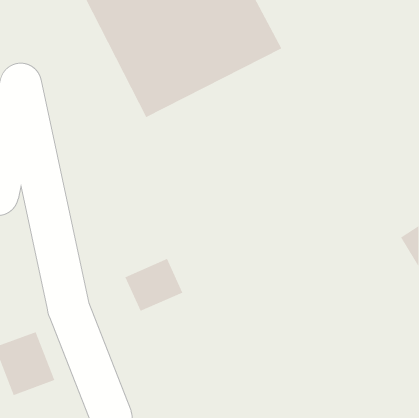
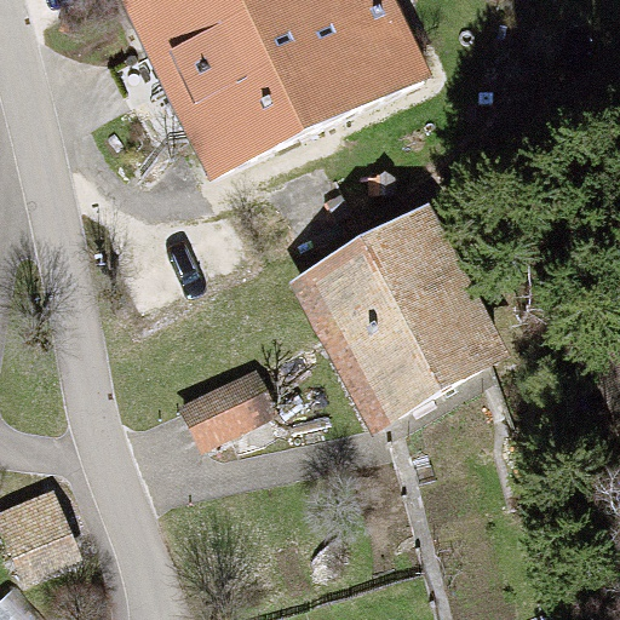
building: none -> [291,212,501,427]

